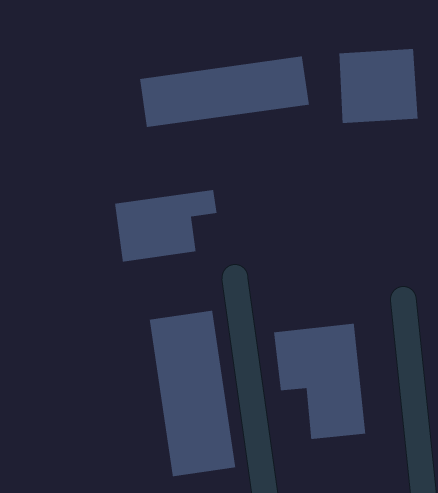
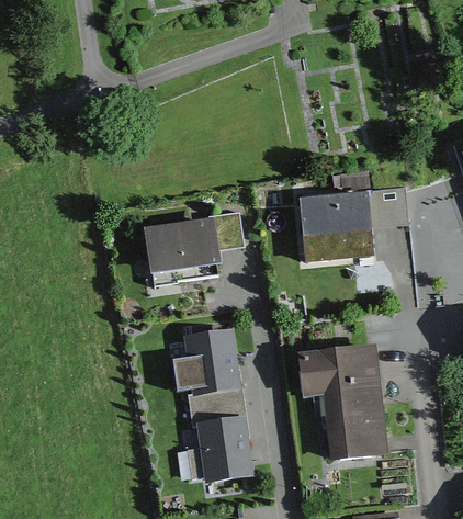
building: [338,48,419,124] -> [297,189,373,260]
building: [139,56,310,128] -> none

